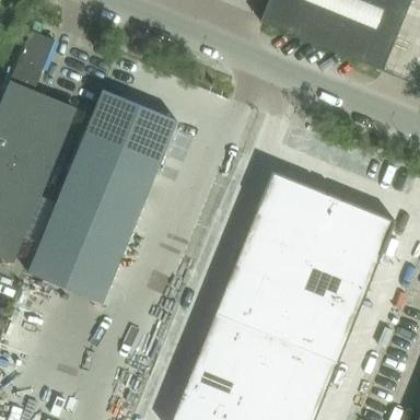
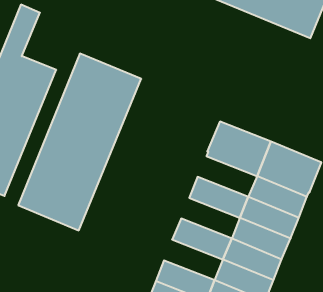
building: [245,213,317,262] -> none
building: [225,264,296,313] -> none
building: [205,314,276,363] -> none

